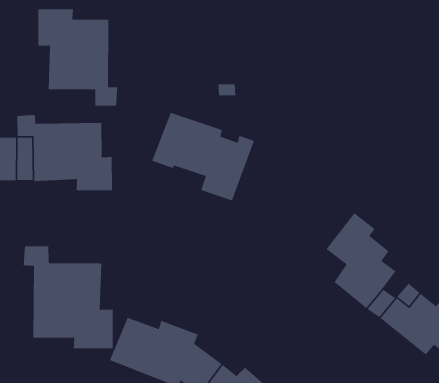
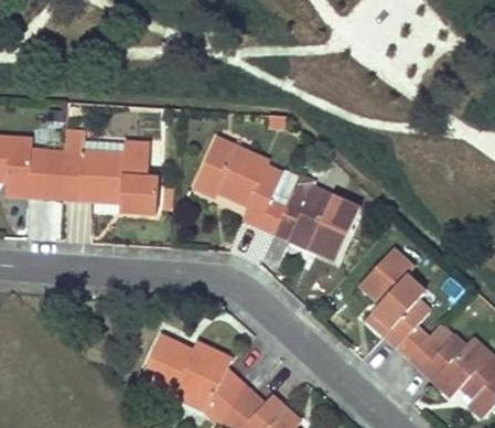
building: [37,9,118,106] -> none
building: none -> [272,175,357,260]
building: [23,245,114,349] -> none

